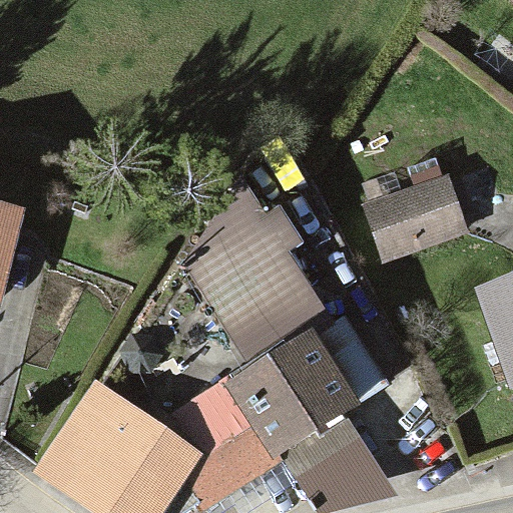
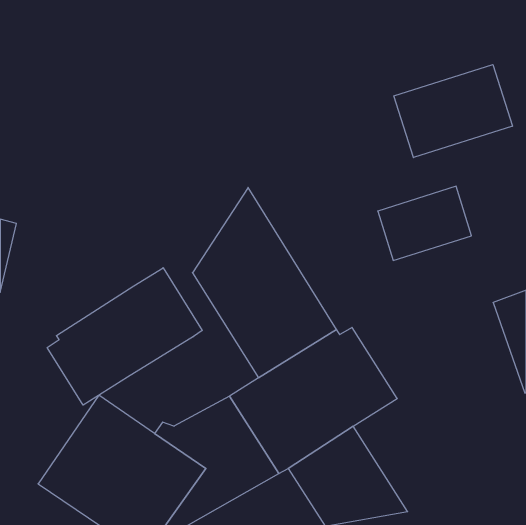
building: none -> [394,65,512,158]
building: none -> [47,268,202,405]

